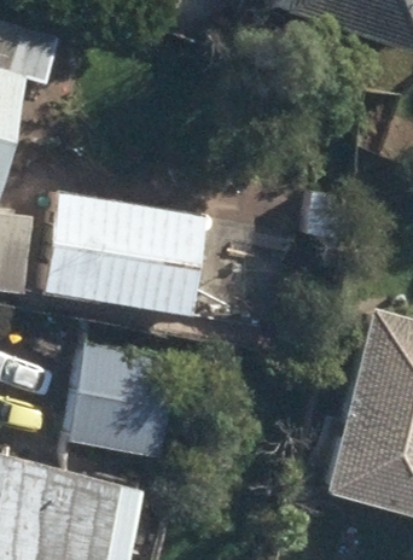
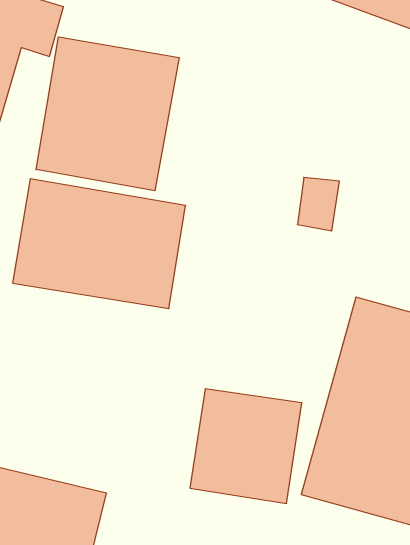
building: none -> [36,37,179,191]
building: [65,345,171,454] -> [190,389,302,503]

